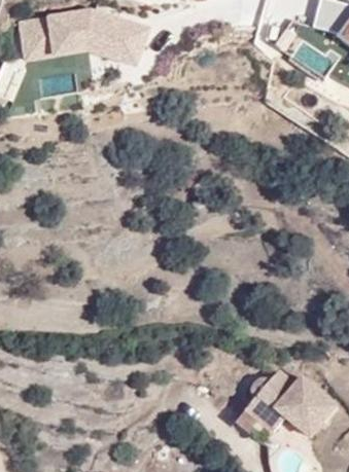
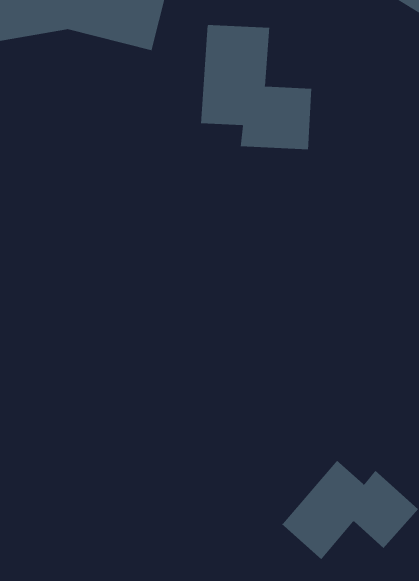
building: none -> [201,24,312,150]

